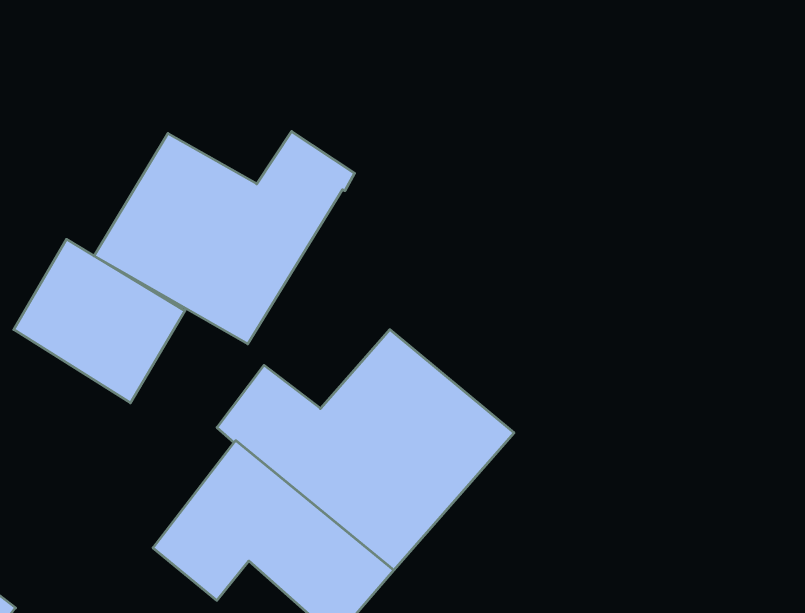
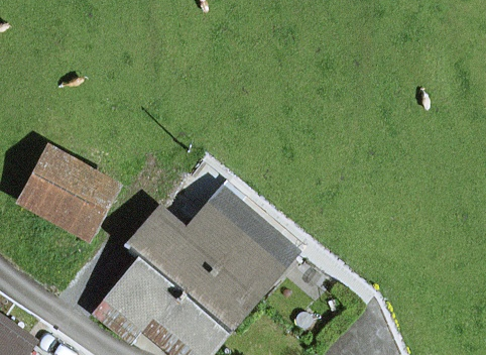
building: [94,131,355,344] -> none

